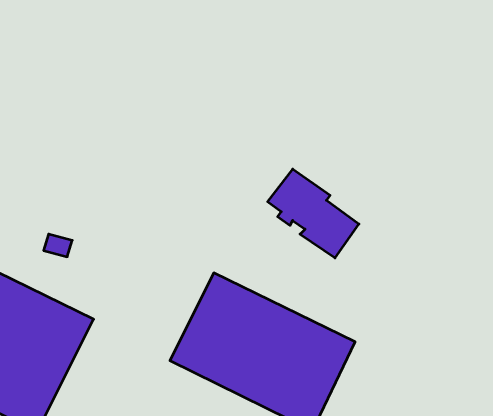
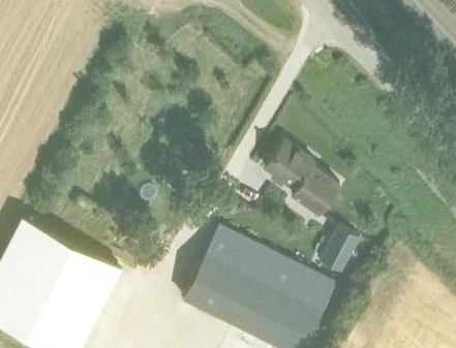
building: none -> [320,227,358,274]

